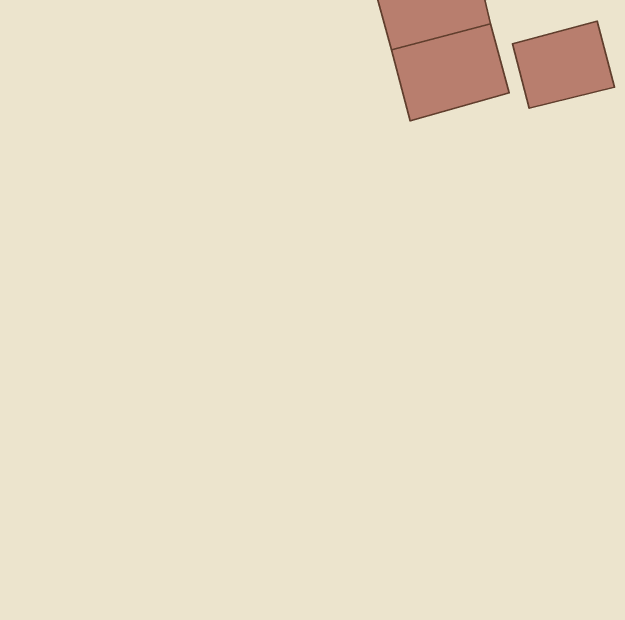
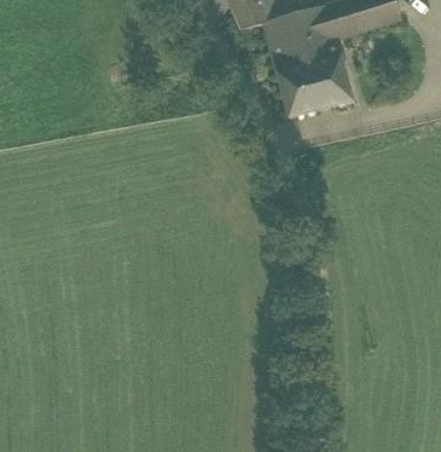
building: [512,21,615,108] -> none

